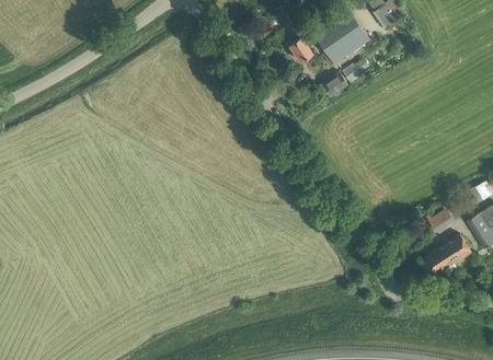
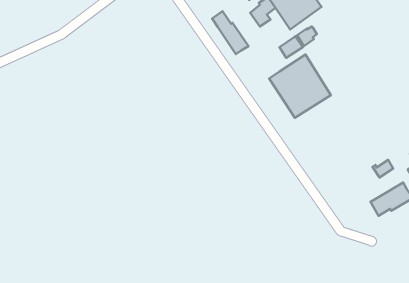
building: none -> [212,11,248,54]
building: none -> [269,54,331,118]

